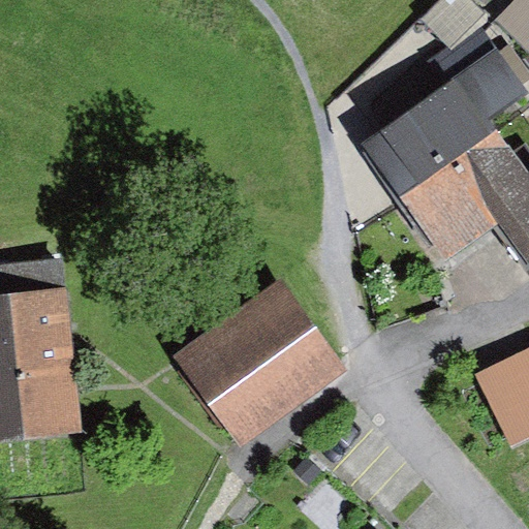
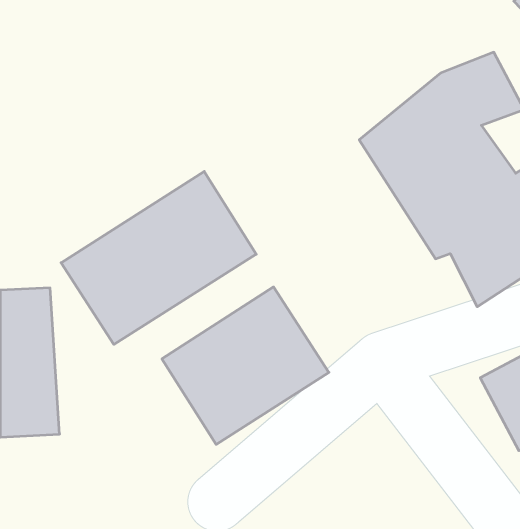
building: none -> [61,171,256,344]

